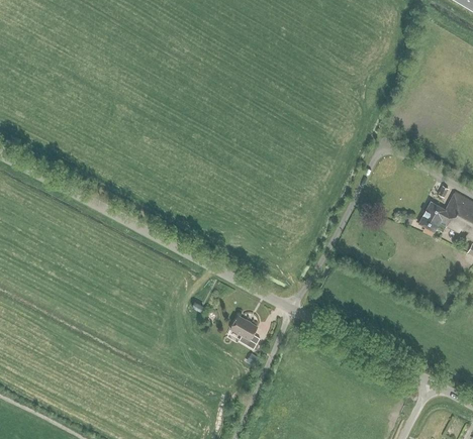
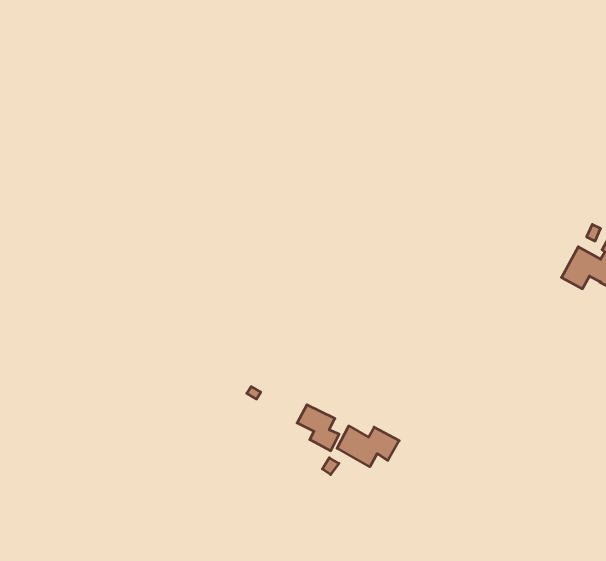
building: none -> [337,426,399,467]

